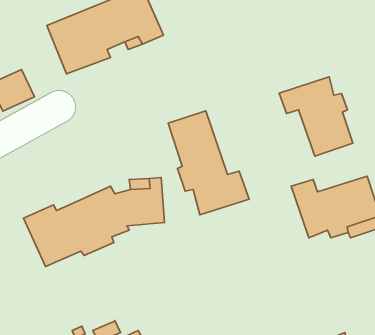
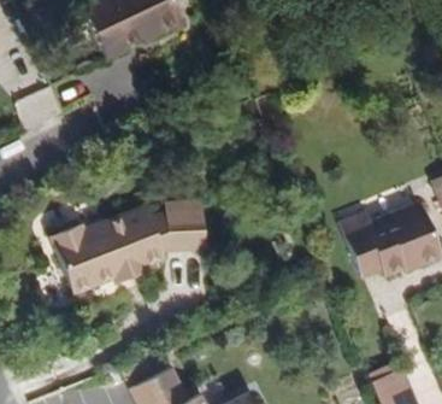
building: [279,77,353,156] -> none
building: [168,111,249,215] -> none

